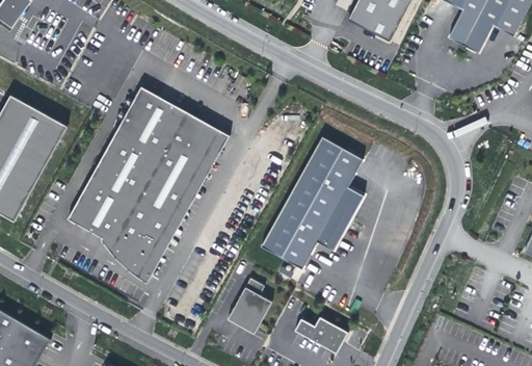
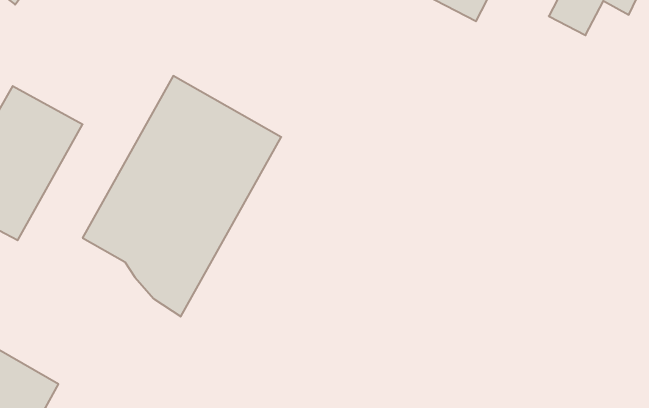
building: [261,136,364,268] -> none
building: [228,278,271,333] -> none
building: [294,316,347,352] -> none

